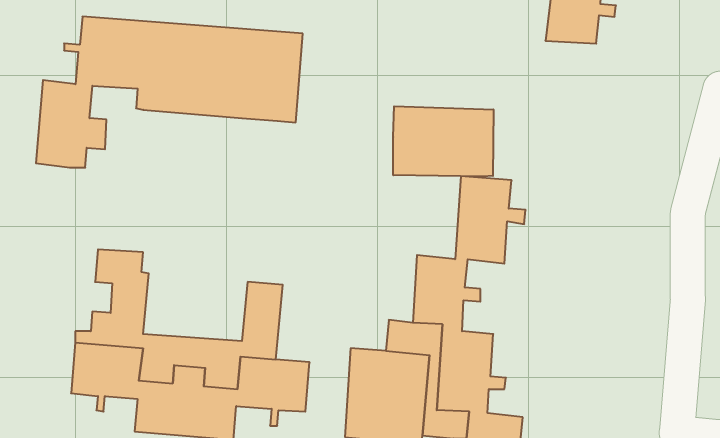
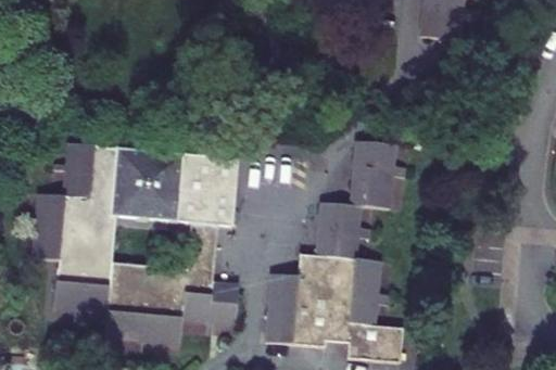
building: [36,17,303,168] -> [33,145,238,261]
building: [393,106,493,176] -> none

